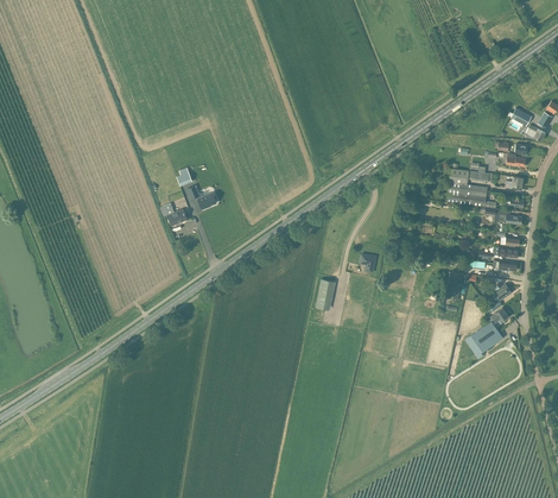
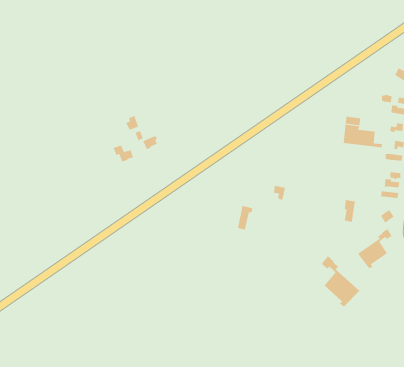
building: none -> [321,255,360,308]

